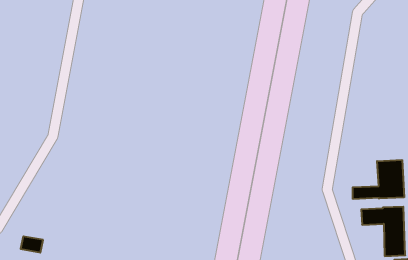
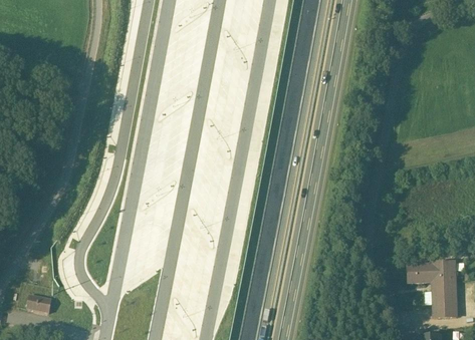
building: [353,160,404,199] -> none

